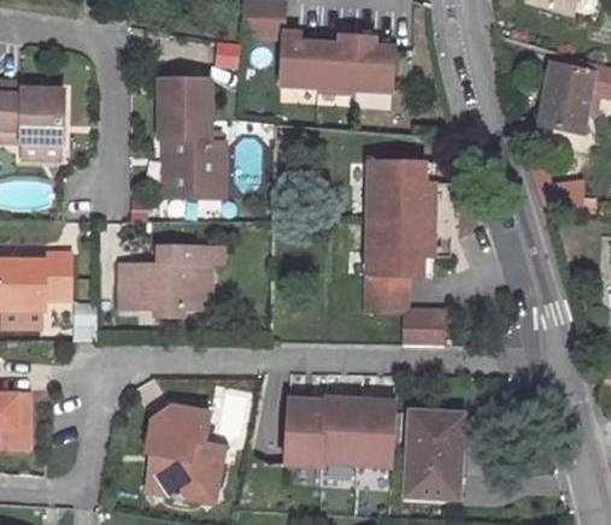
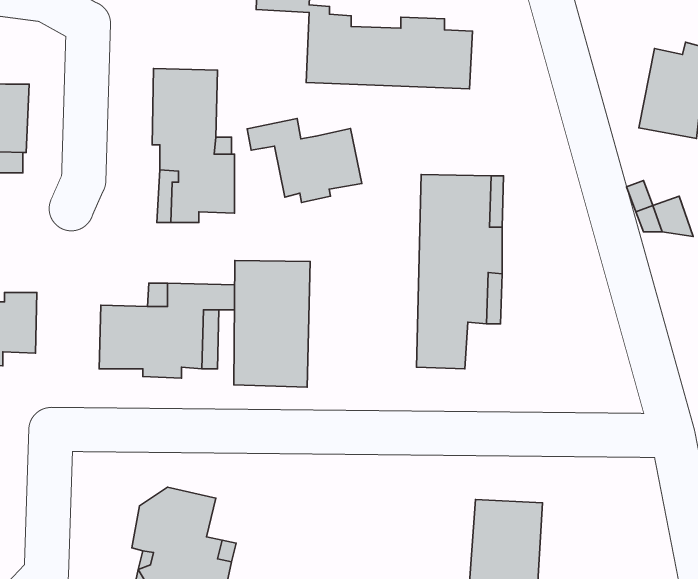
building: none -> [247,119,362,202]
building: none -> [234,260,310,387]
building: [403,311,443,346] -> none
building: [293,394,403,466] -> none

